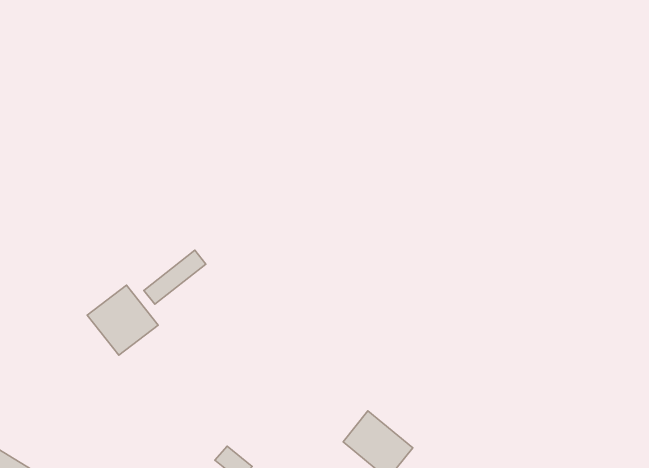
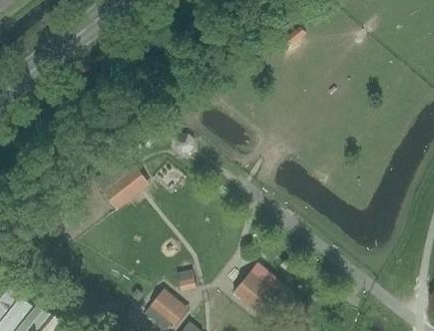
building: [87,285,158,355] -> none

